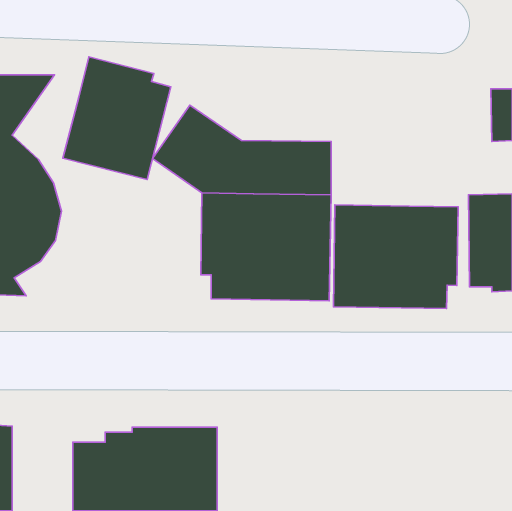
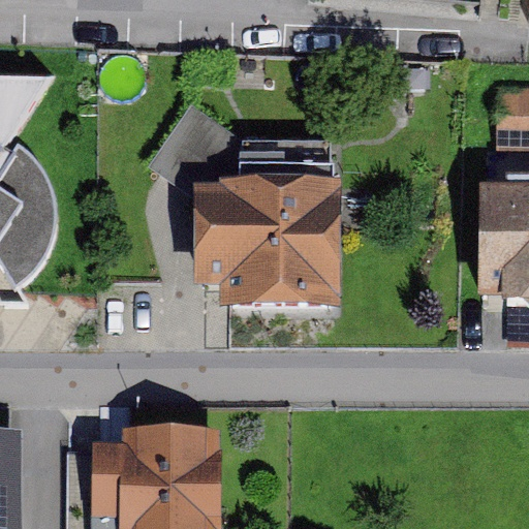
building: [63,57,171,180] -> none
building: [334,205,458,309] -> none

